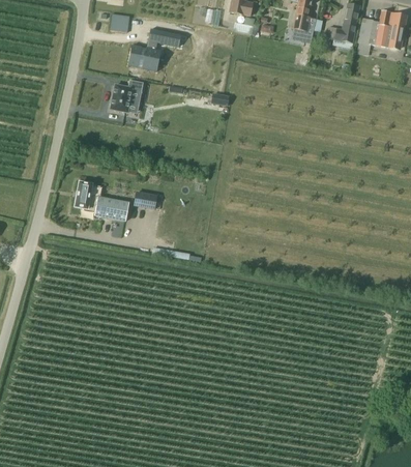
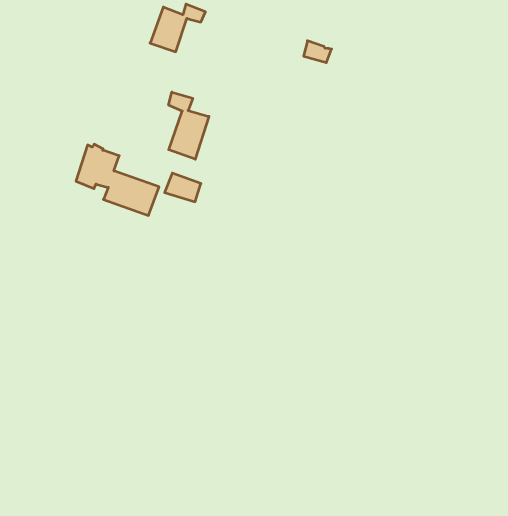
building: none -> [169,92,209,159]

